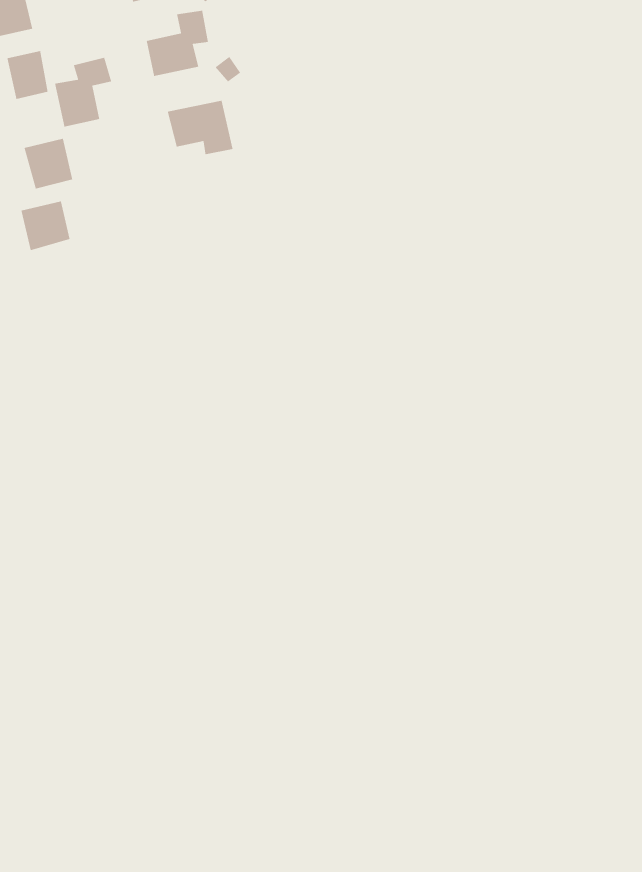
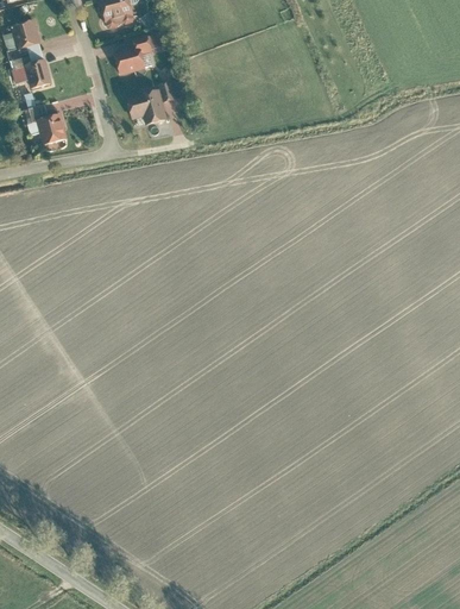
building: [54,57,112,127] -> none
building: [20,201,70,251] -> none

